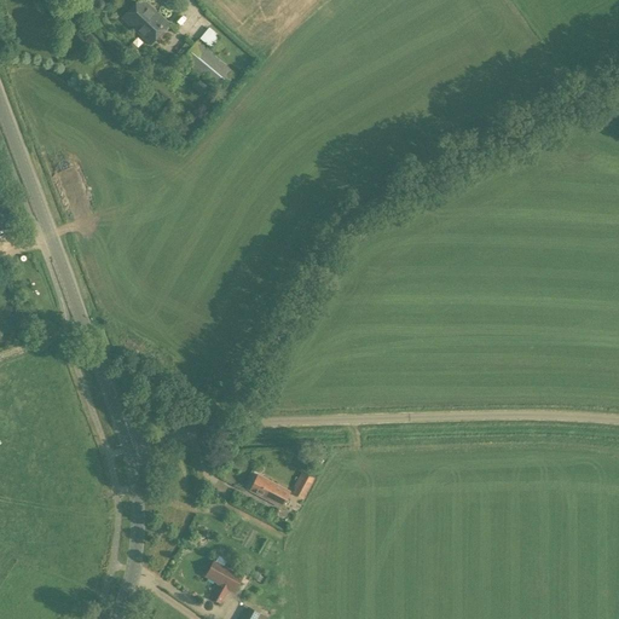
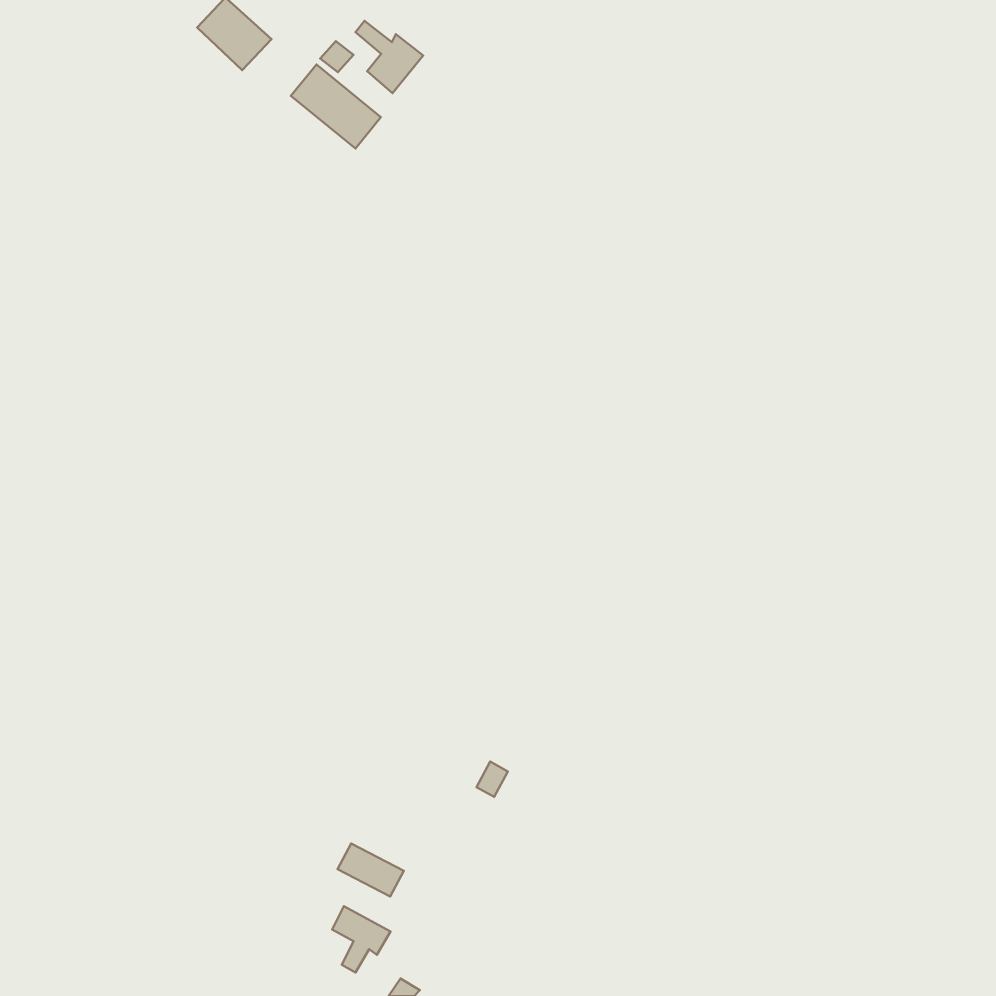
building: none -> [356,21,423,93]
building: [250,474,291,507] -> [338,844,404,896]

